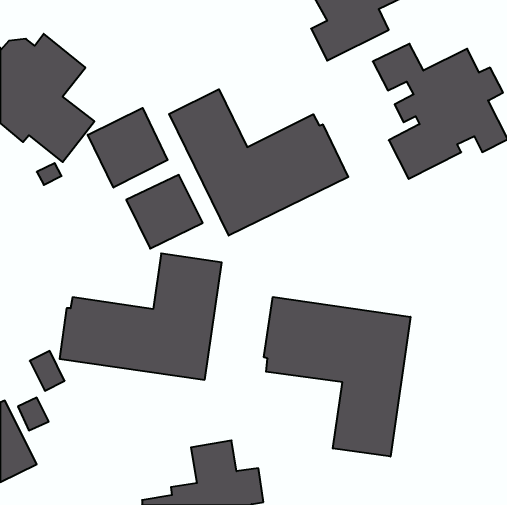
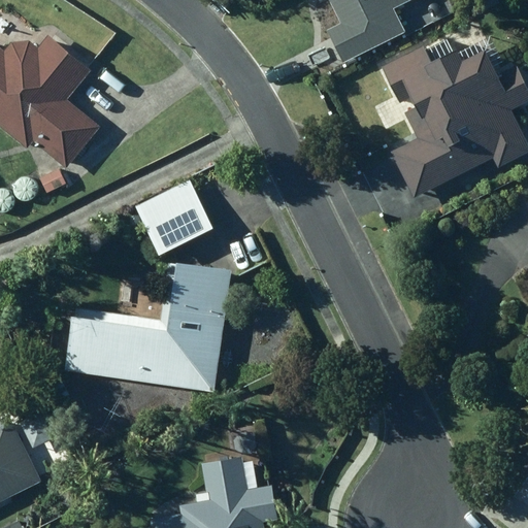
building: [169,89,348,236] -> none
building: [88,108,168,188] -> none
building: [264,297,410,457] -> none

